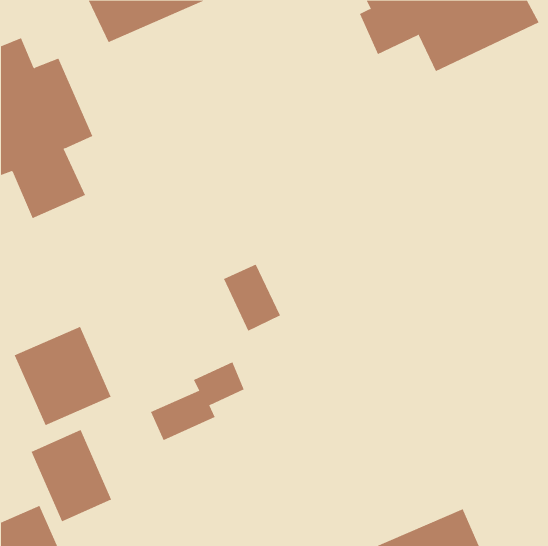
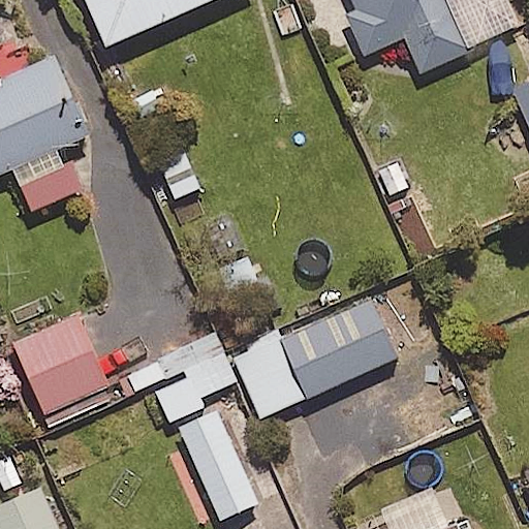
building: none -> [230,300,396,418]
building: none -> [176,407,257,522]
building: [31,429,112,522] -> none

